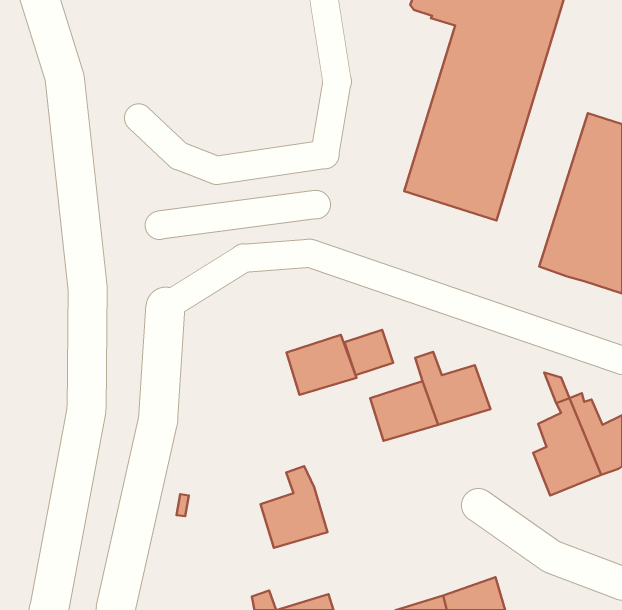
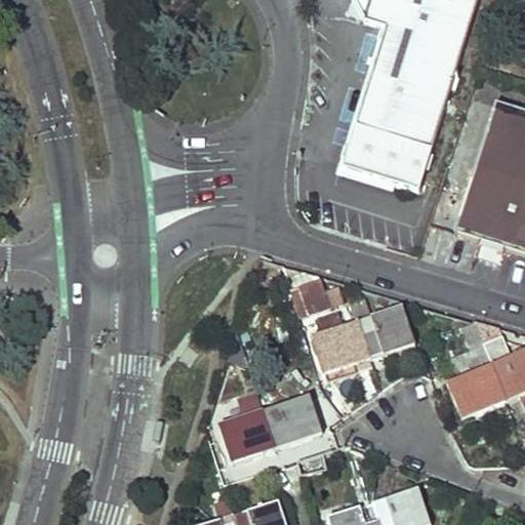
building: [286,335,356,395] -> none
building: none -> [265,396,320,448]

